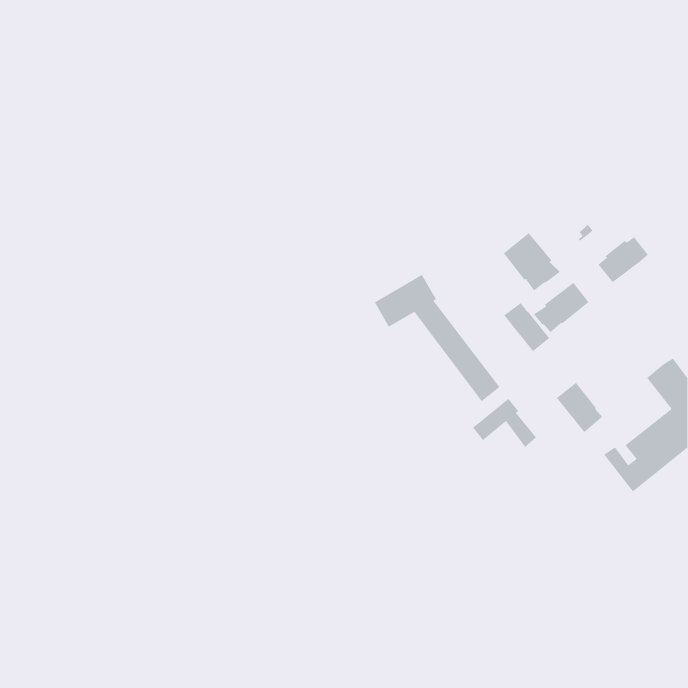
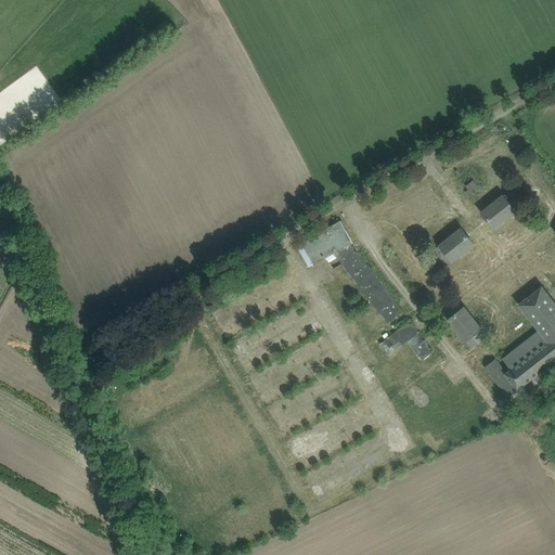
building: [503,232,561,291] -> none
building: [503,302,550,352] -> none

